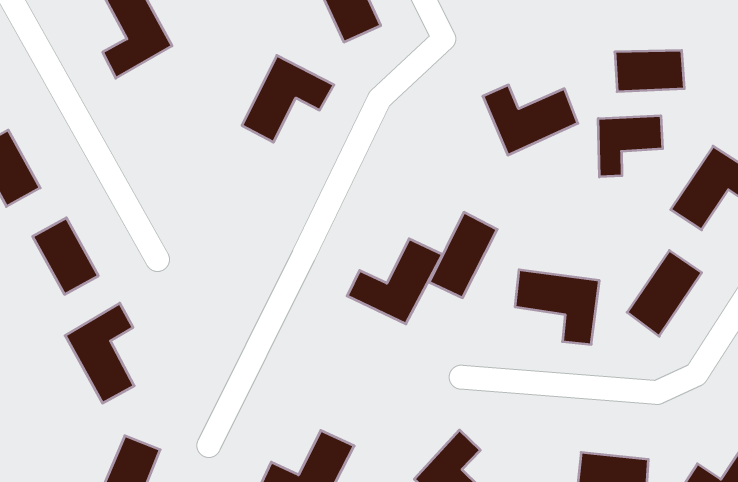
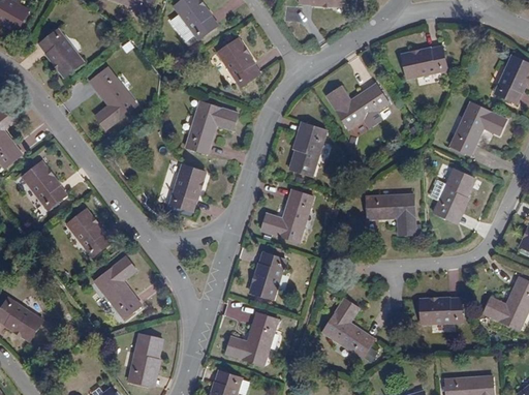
building: [598,116,663,177] -> none
building: none -> [166,157,201,204]
building: [429,212,497,298] -> [290,126,326,178]
building: none -> [253,254,288,300]

